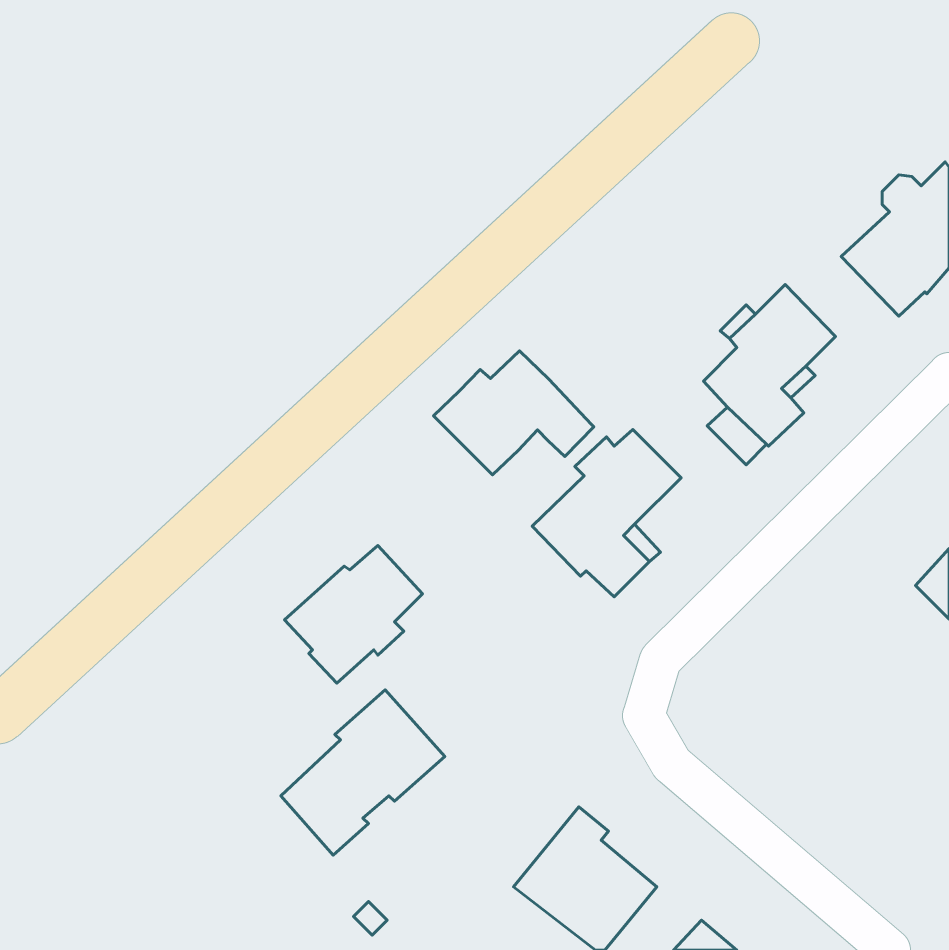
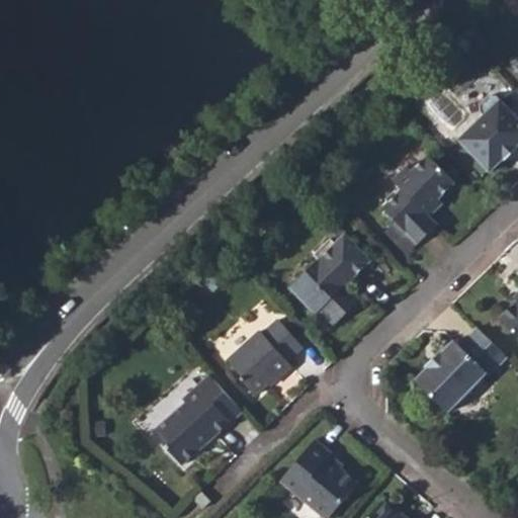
building: [433,351,594,475] -> none
building: [285,546,422,683] -> [227,320,301,395]
building: none -> [414,327,507,413]

